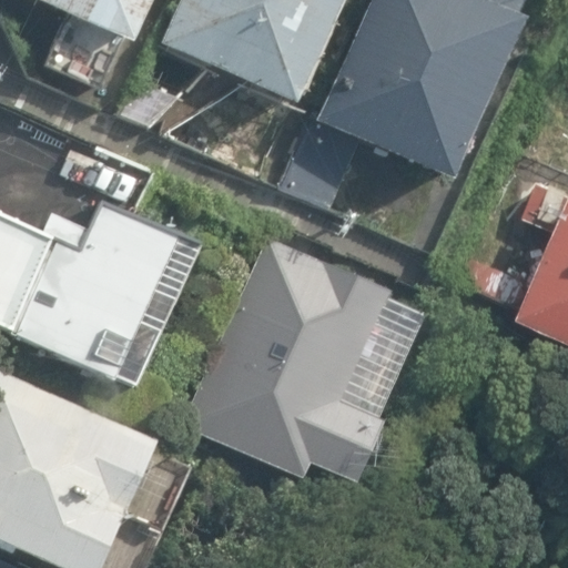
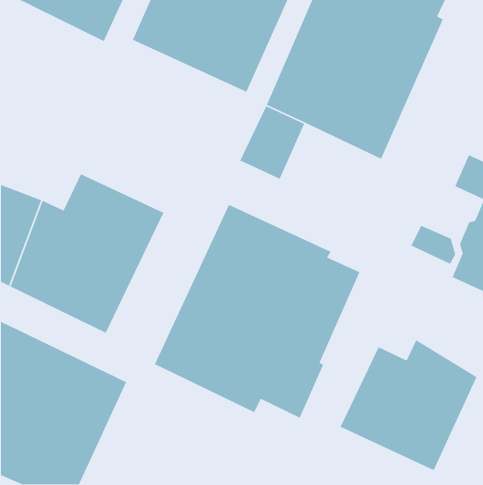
building: none -> [340,339,478,471]

